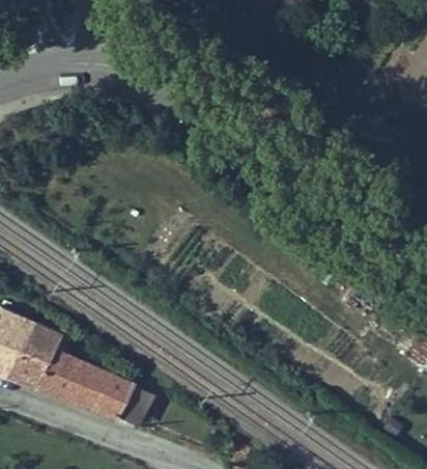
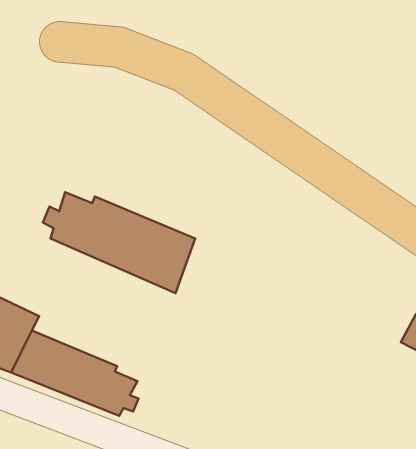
building: none -> [43,192,195,293]

